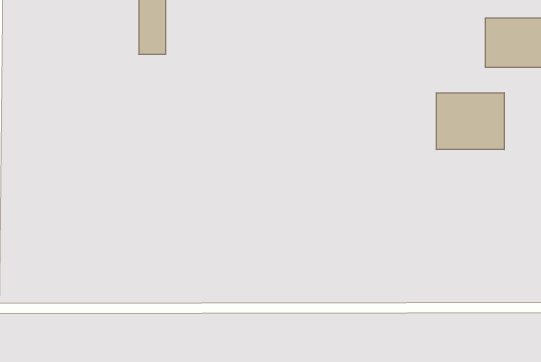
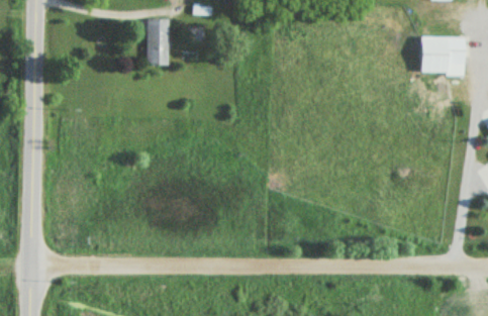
building: [436,93,504,150] -> none

